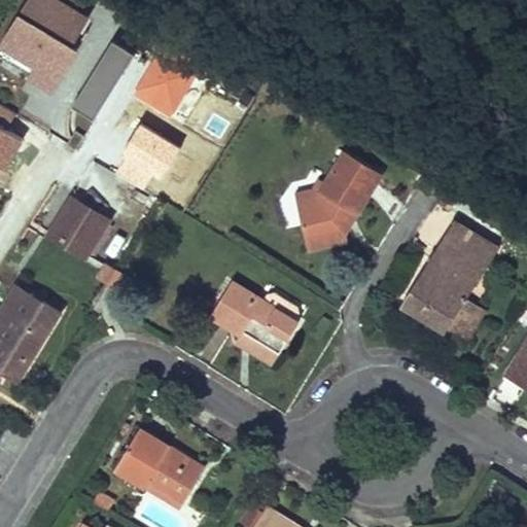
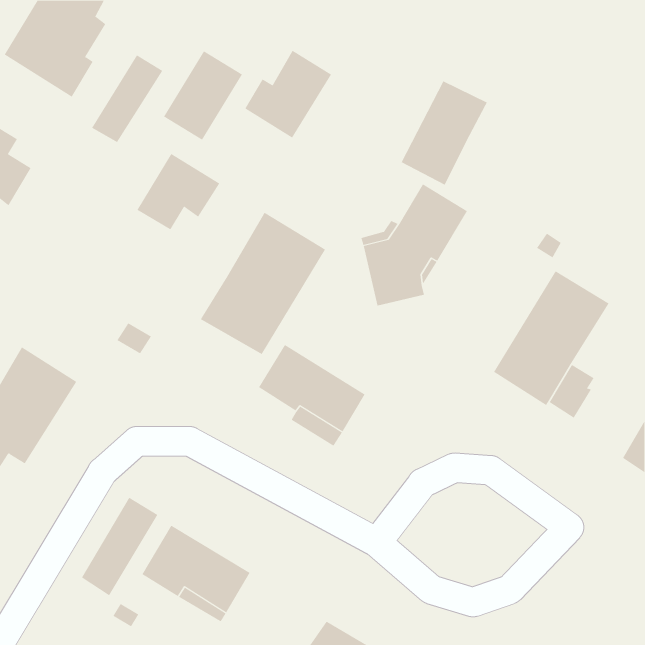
building: none -> [244,50,332,139]
building: none -> [401,81,488,186]
building: none -> [200,212,326,355]
building: [50,200,107,255] -> none
building: none -> [81,497,158,596]

